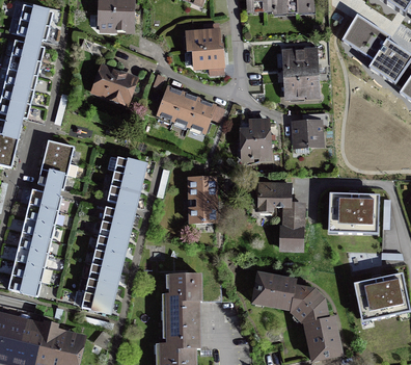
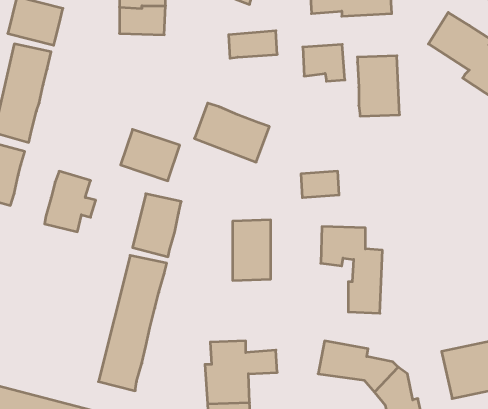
building: [191,47,224,76] -> [303,44,345,81]
building: [91,66,138,106] -> [121,129,180,181]
building: [240,119,270,141] -> none
building: [292,120,324,149] -> none
building: [8,188,62,294] -> none
building: [329,192,379,232] -> none

